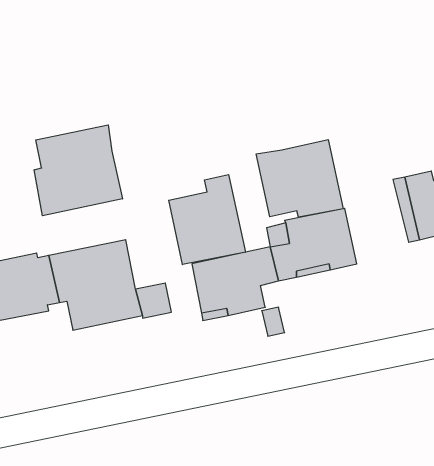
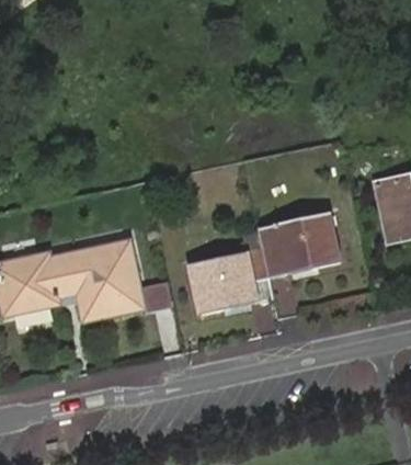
building: [34,125,122,216] -> none
building: [256,140,343,217] -> none
building: [169,175,245,265] -> none

